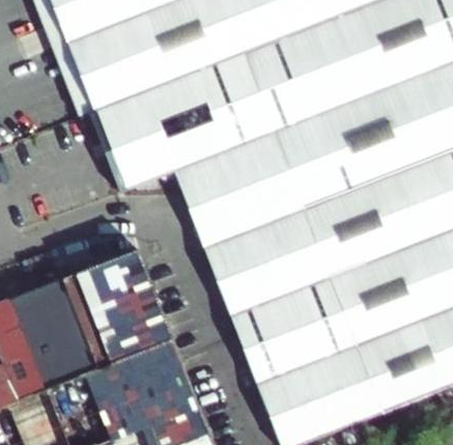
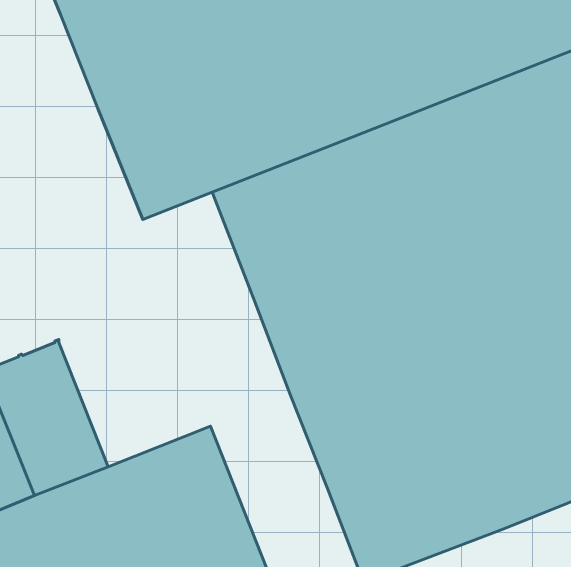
building: [65,250,174,368] -> none

